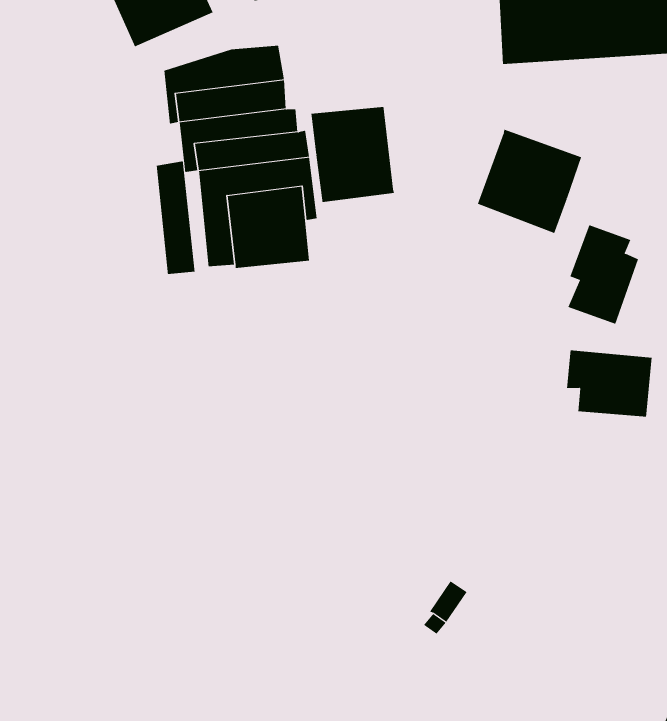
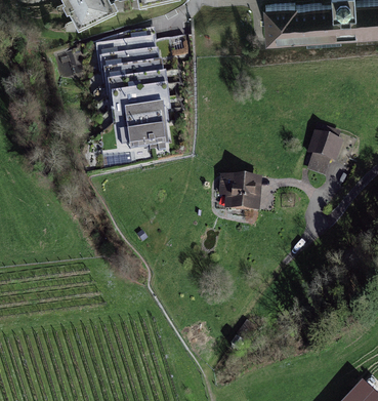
building: [311,106,395,203] -> none
building: [477,129,582,234] -> none
building: [156,161,195,275] -> none
building: [566,350,653,417] -> [219,175,265,211]

